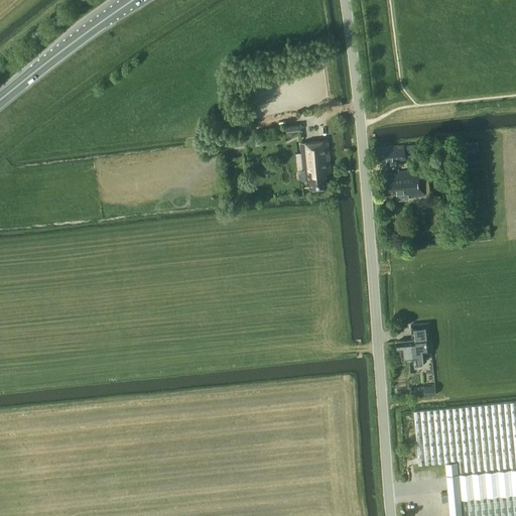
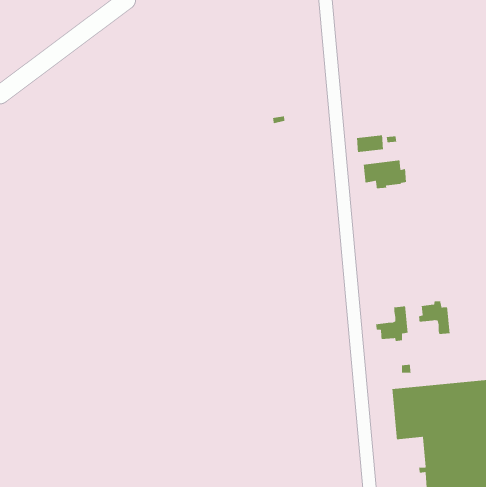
building: [302,141,333,188] -> none
building: none -> [418,300,451,335]

